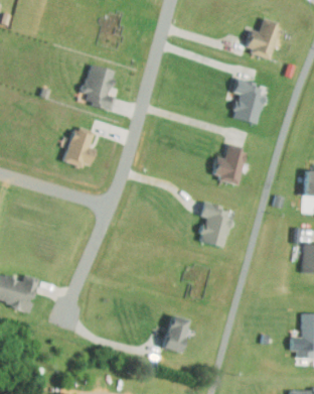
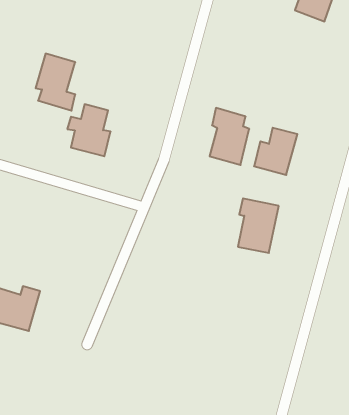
building: [82,63,114,110] -> [36,54,75,111]
building: [231,78,264,124] -> [210,108,249,165]
building: [162,314,190,354] -> none

